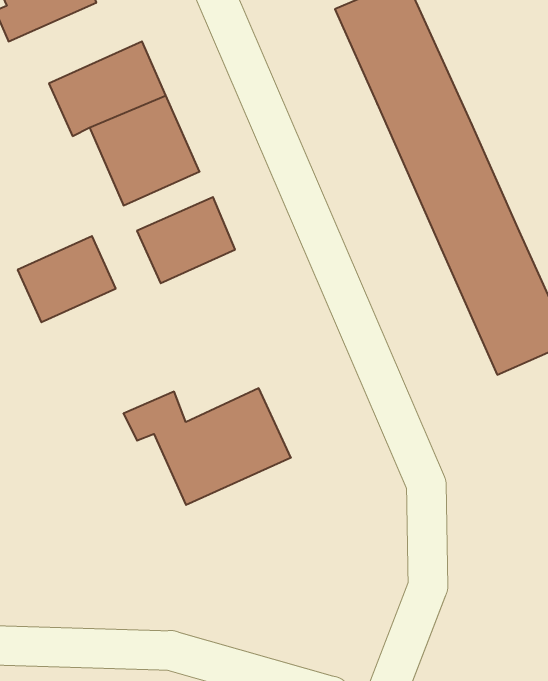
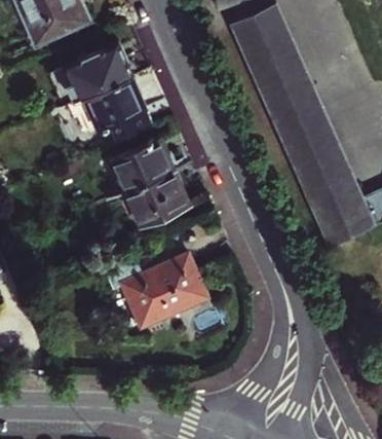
building: [18,236,116,322] -> [126,172,186,224]

